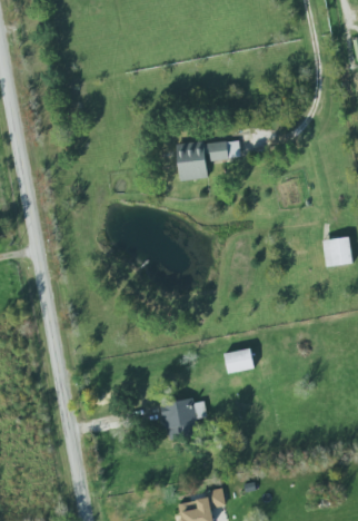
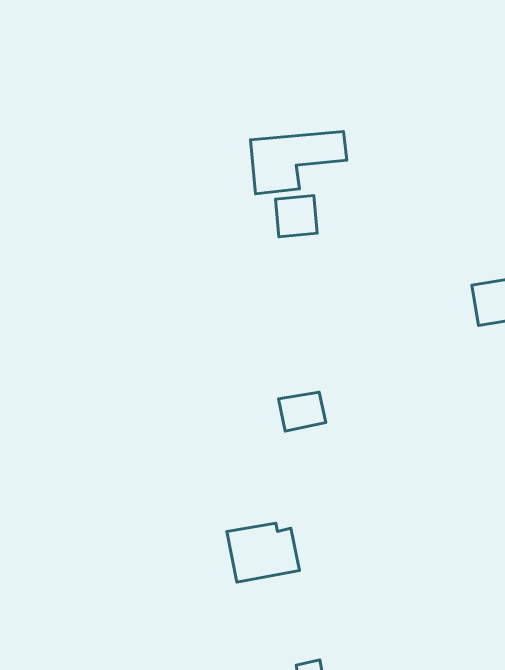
building: none -> [275,196,317,237]
building: [222,348,253,374] -> [278,392,326,431]

